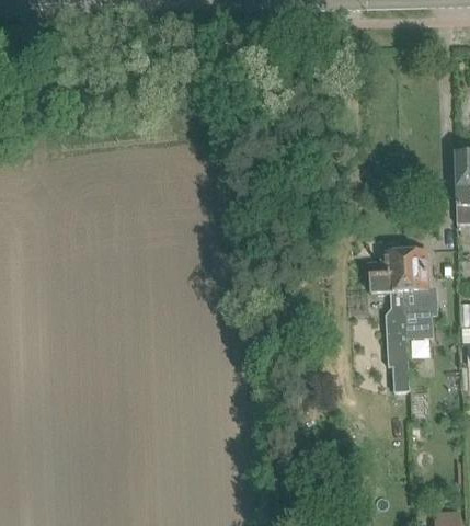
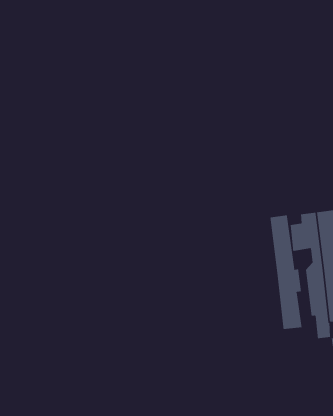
building: none -> [270,215,302,330]

